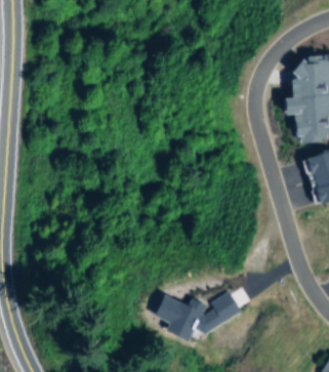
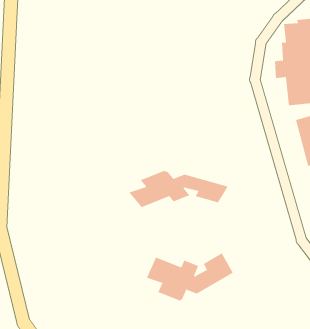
building: none -> [129,170,229,208]

